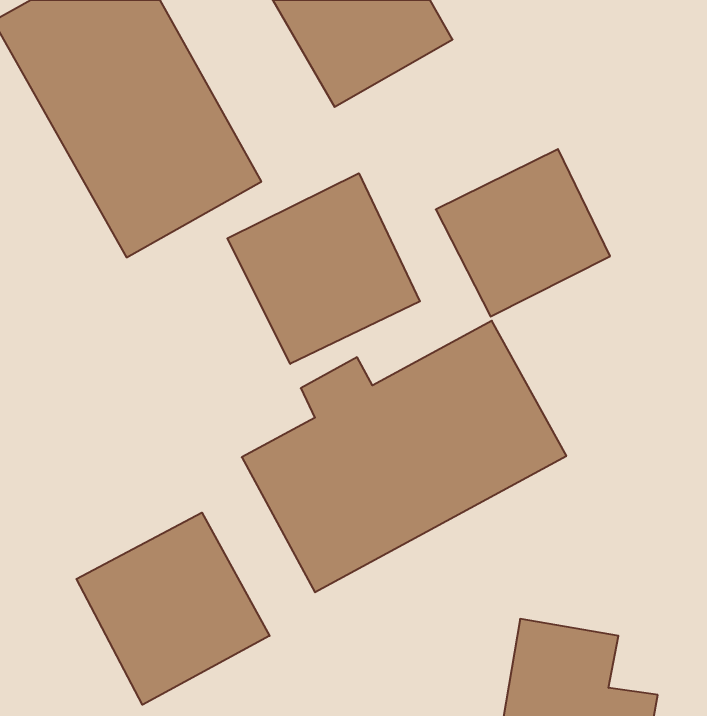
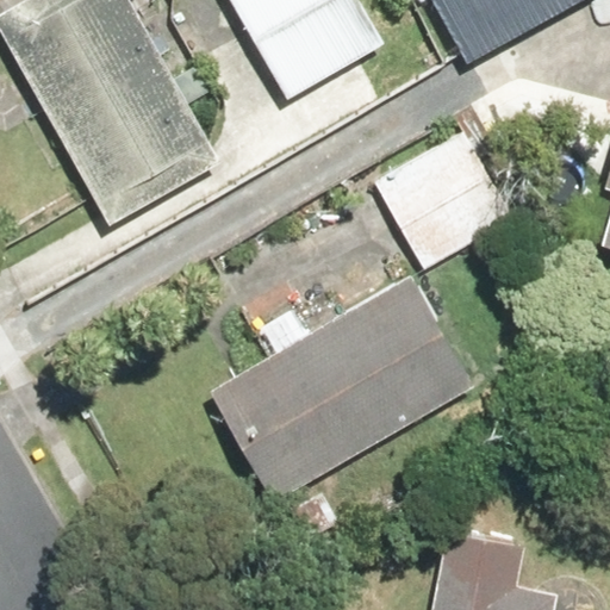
building: [227,173,420,364] -> none
building: [76,513,270,705] -> none

